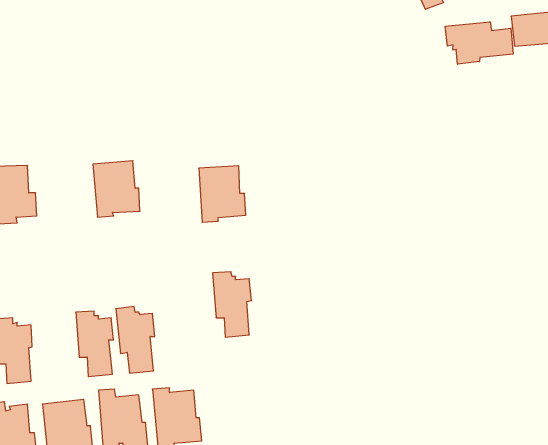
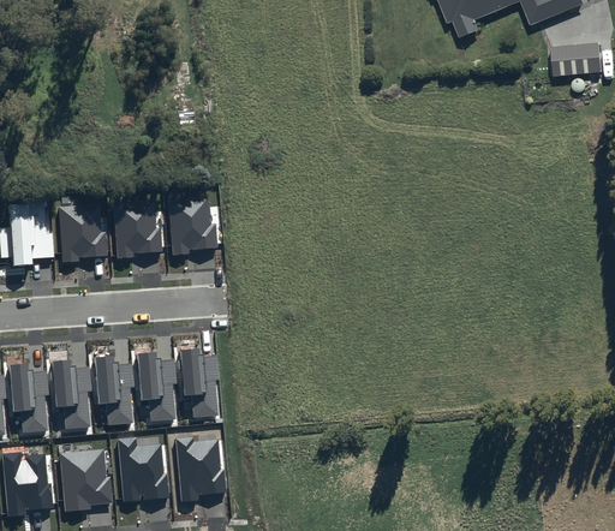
building: [445,22,513,64] -> none
building: none -> [58,202,107,261]
building: [199,166,246,222] -> [167,195,216,253]
building: [213,272,252,337] -> [179,347,220,416]
building: none -> [50,358,91,428]

